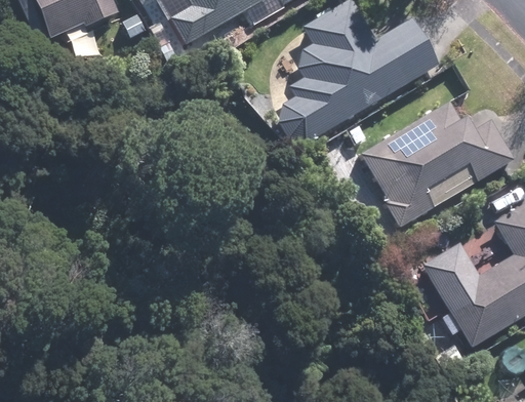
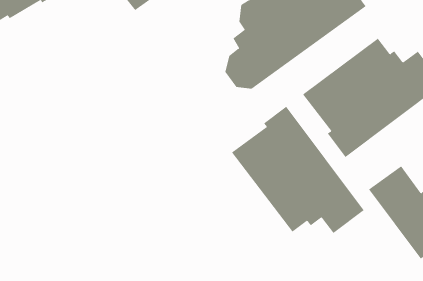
building: none -> [231,106,365,234]

